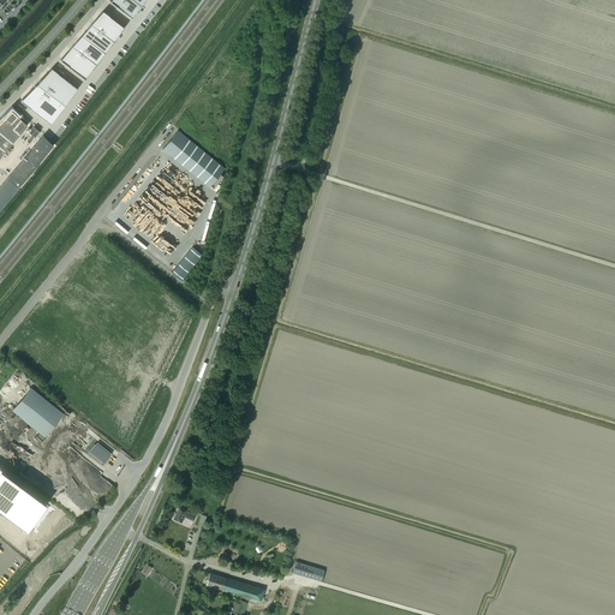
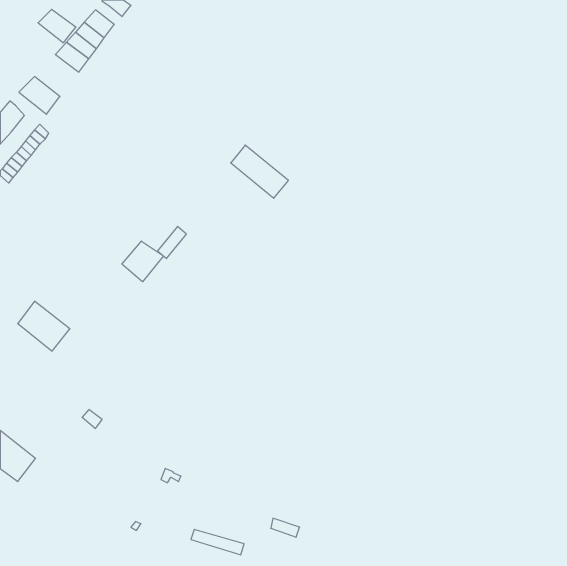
building: [37,70,78,106] -> [38,9,76,43]
building: [162,131,225,189] -> [231,145,288,198]
building: none -> [122,241,163,282]
building: [7,384,64,438] -> [18,301,70,351]

